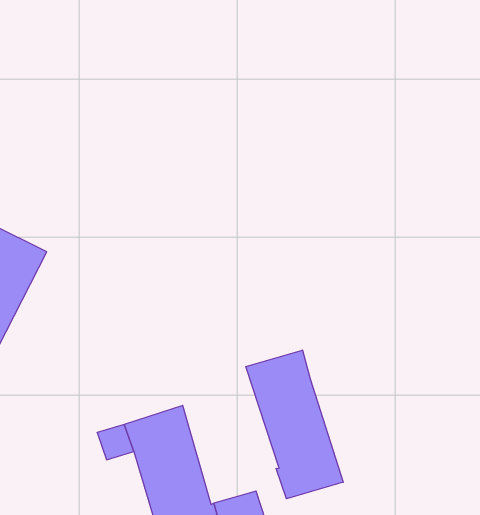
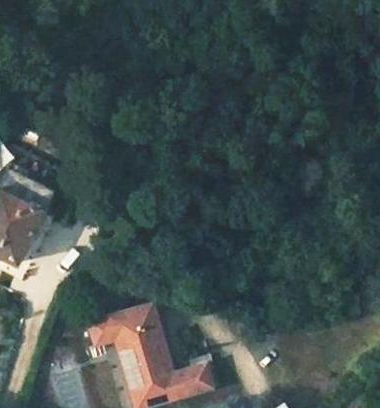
building: [246,350,343,499] -> none

